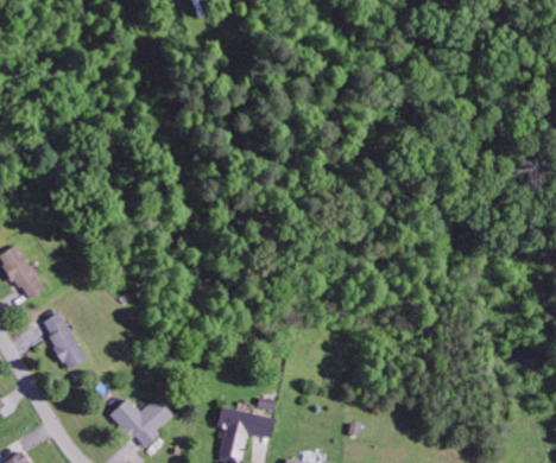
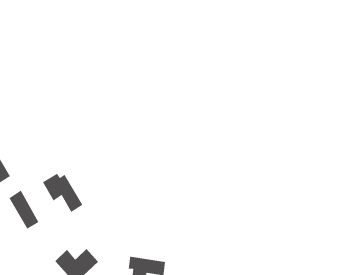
building: none -> [42,173,83,213]

